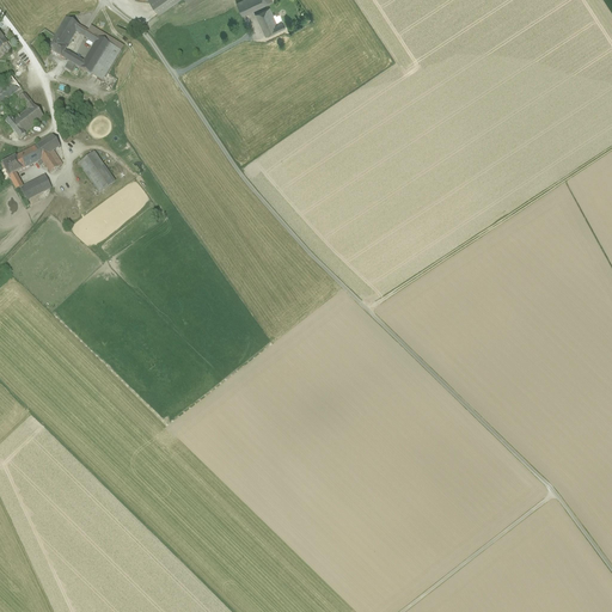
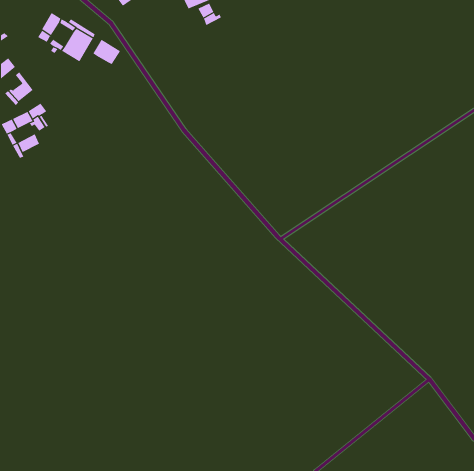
building: none -> [92,39,121,65]
building: [79,149,115,190] -> none

